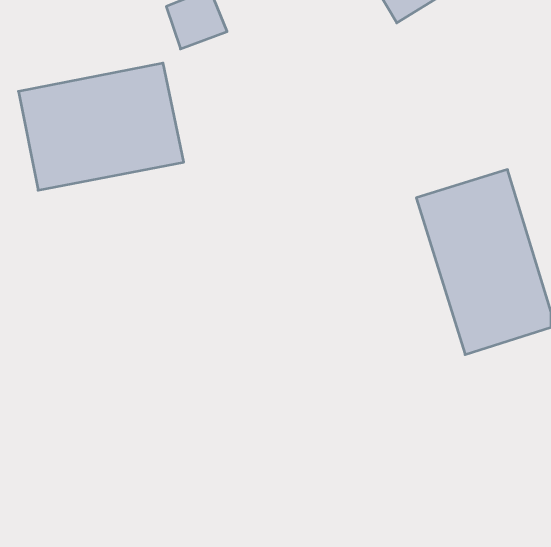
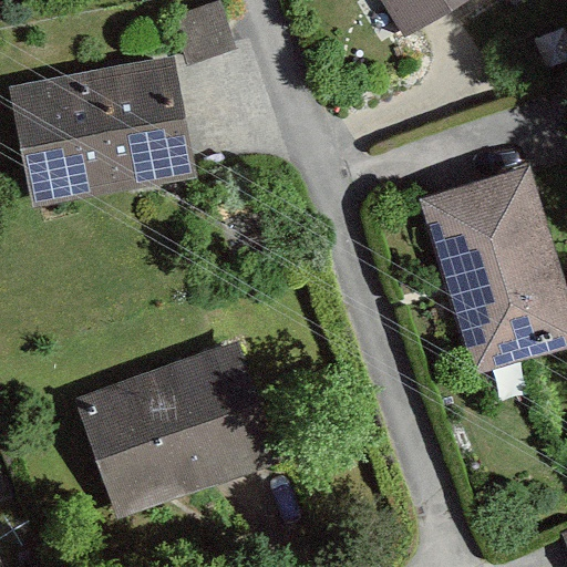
building: none -> [84,348,274,506]

